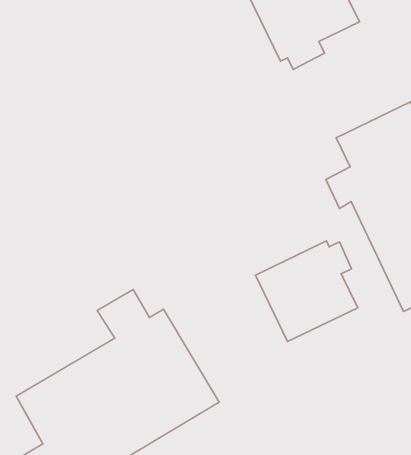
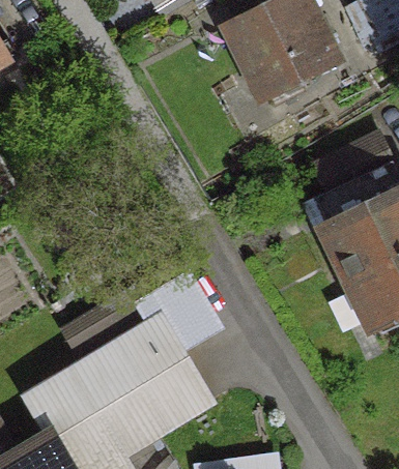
building: [255,241,358,341] -> none

